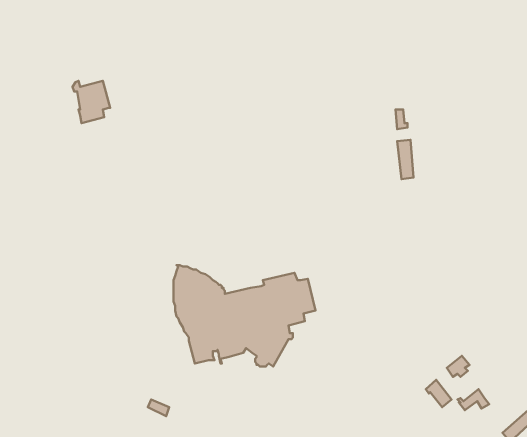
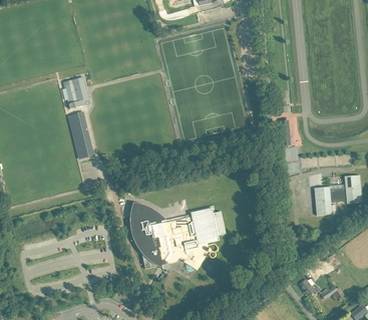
building: none -> [69,113,93,158]
building: none -> [313,175,361,215]

